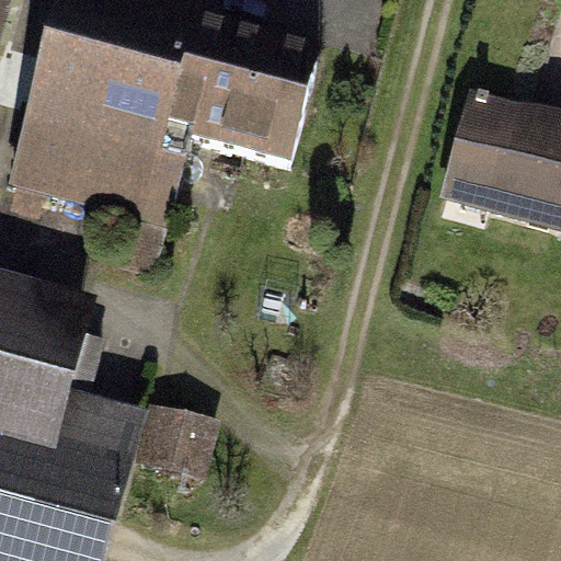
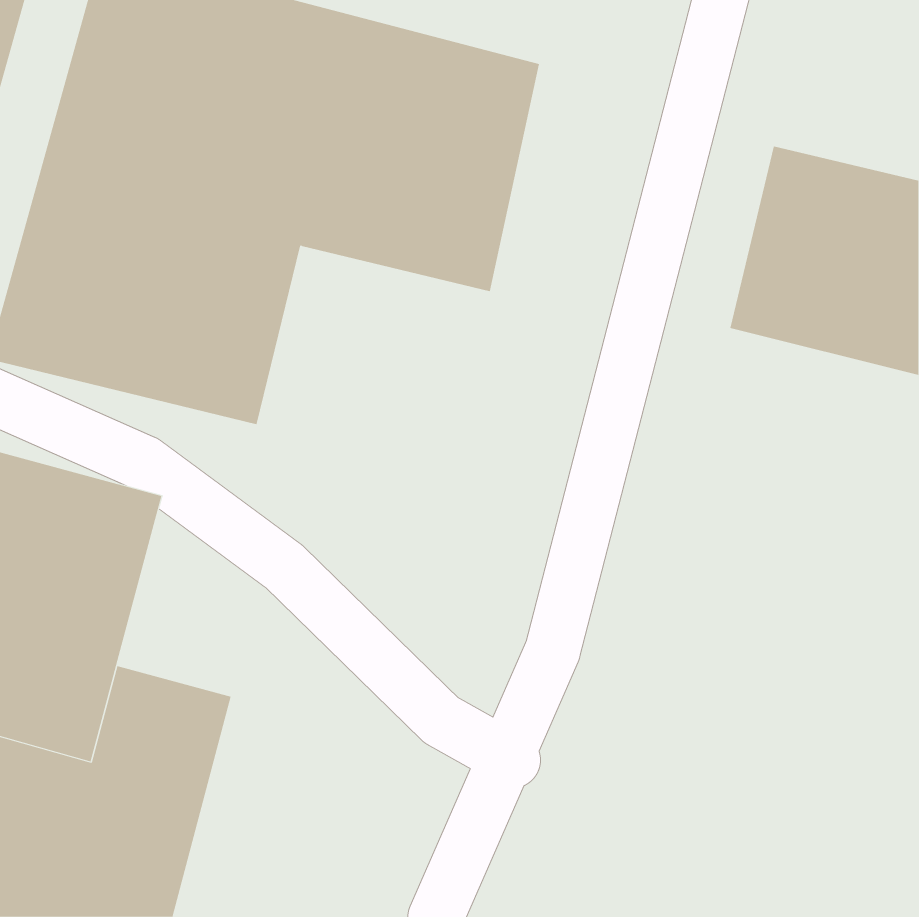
building: [150,403,225,478] -> none

